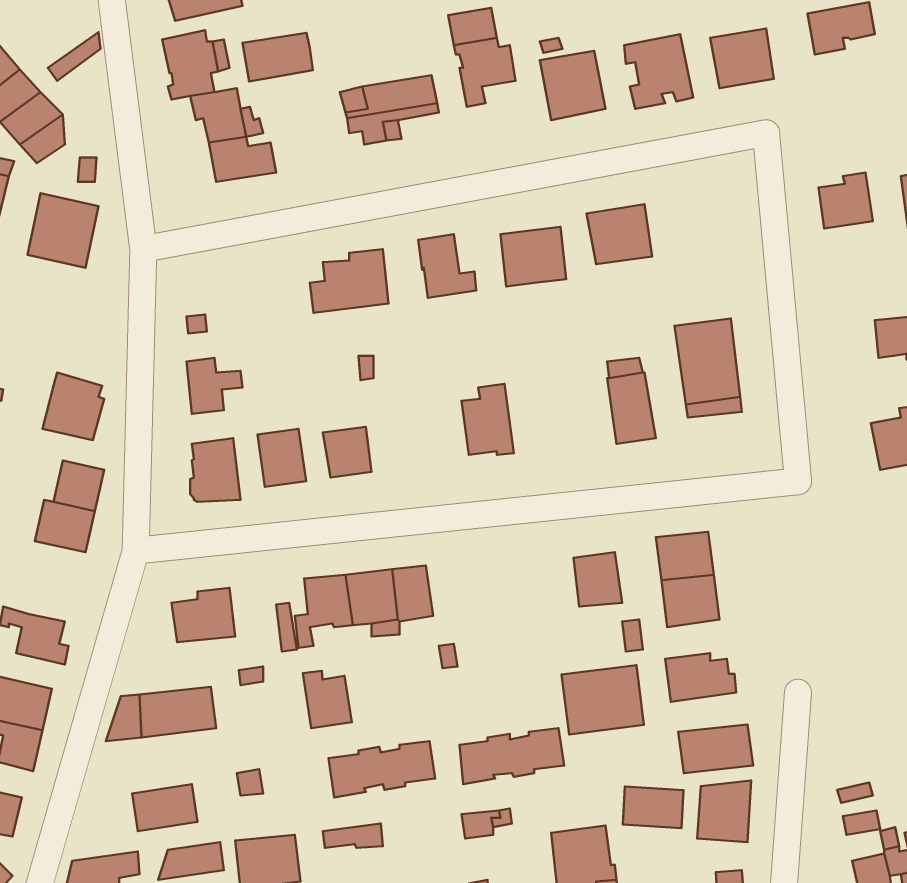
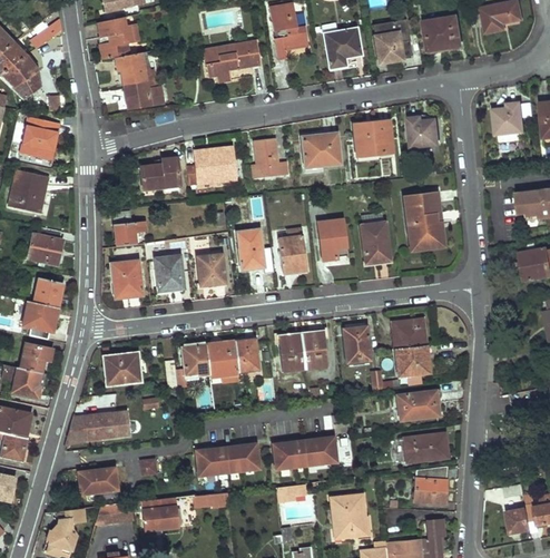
building: [242,33,313,82] -> none
building: none -> [404,118,435,148]
building: none -> [140,159,179,193]
building: none -> [7,169,49,214]
building: none -> [317,219,348,261]
building: none -> [235,228,263,271]
building: none -> [19,342,52,371]
building: [562,665,644,734] -> [278,329,327,370]
building: [303,671,352,728] -> none
building: [623,787,683,828] -> none

